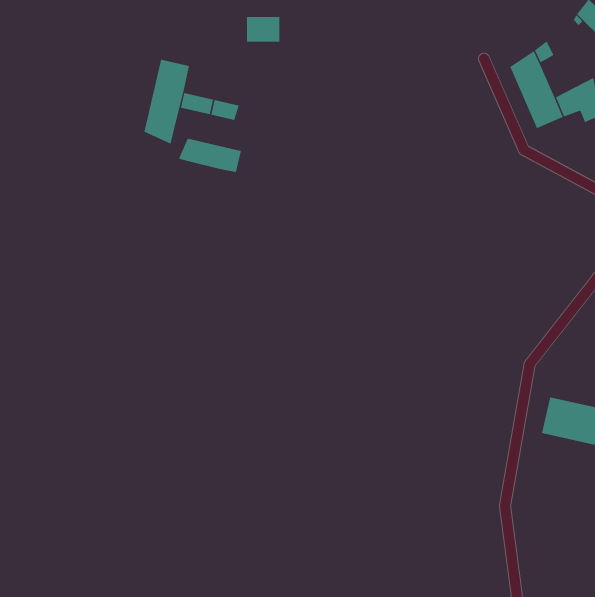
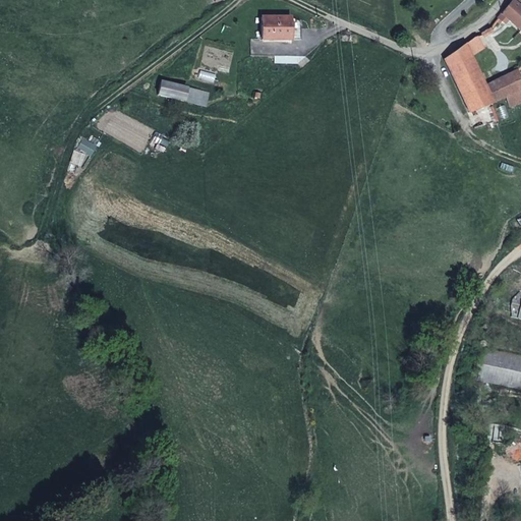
building: [246,16,280,42] -> [263,16,292,39]
building: [144,59,189,145] -> none
building: [178,138,242,173] -> none

